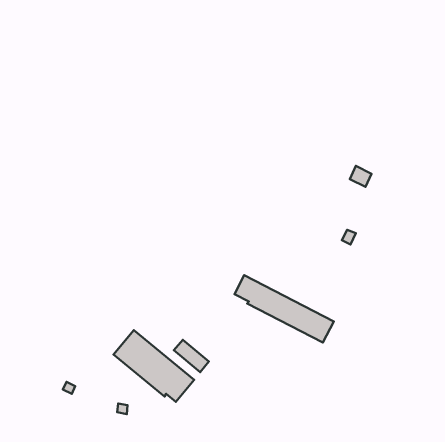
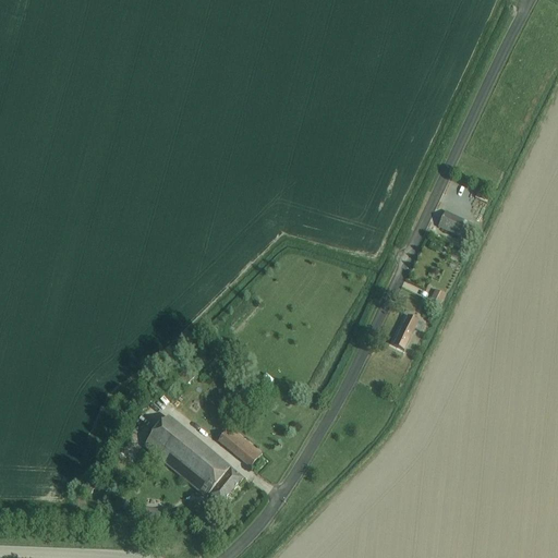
building: none -> [391,313,423,348]
building: [234,275,334,343] -> none

